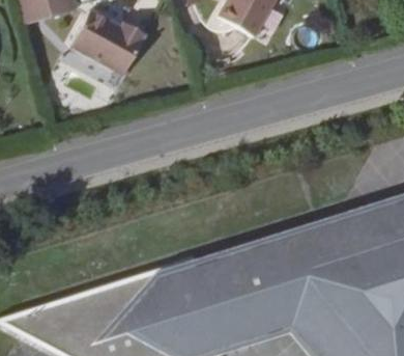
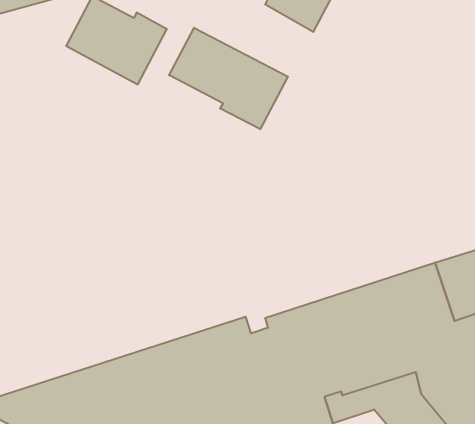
building: none -> [169,28,288,129]

